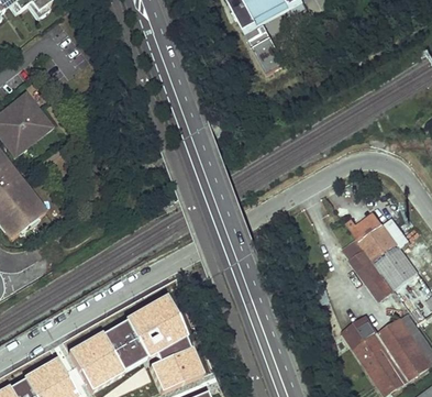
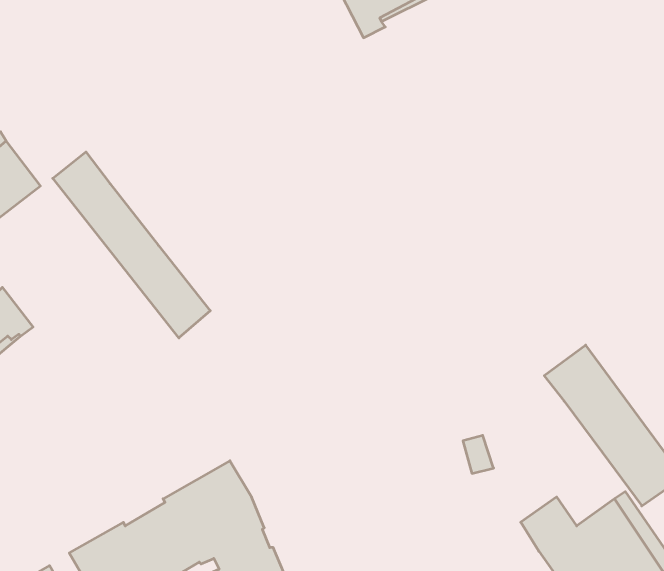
building: none -> [53,152,210,338]
building: [347,209,383,242] -> none
building: [356,257,392,298] -> none

